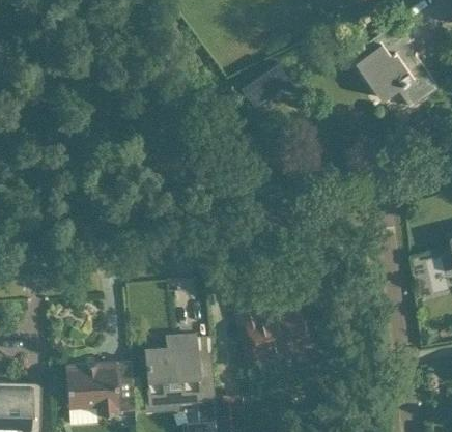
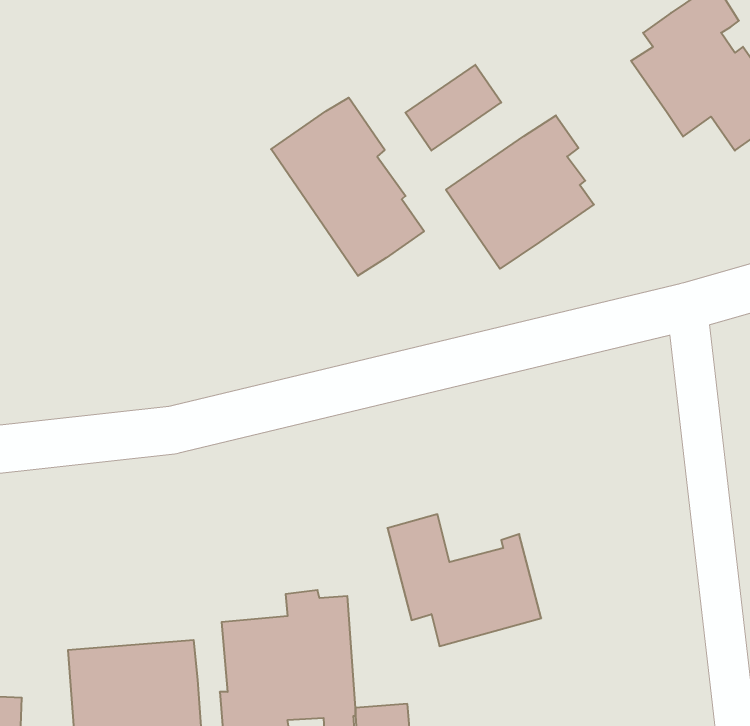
building: none -> [271,98,424,276]
building: none -> [446,115,594,269]

